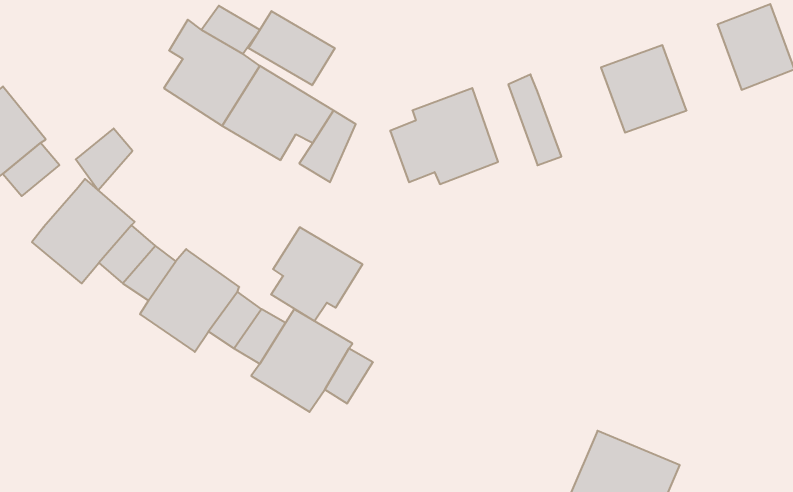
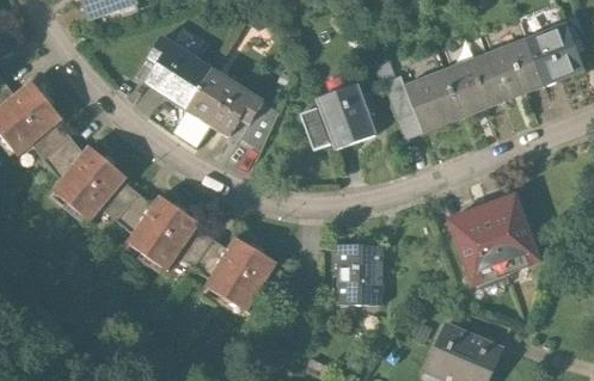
building: [249,11,335,85] -> none
building: none -> [490,38,545,98]
building: none -> [403,68,464,130]
building: [76,128,132,190] -> [43,136,82,179]
building: [271,227,362,321] -> none
building: none -> [446,192,538,283]
building: none -> [339,245,381,302]

